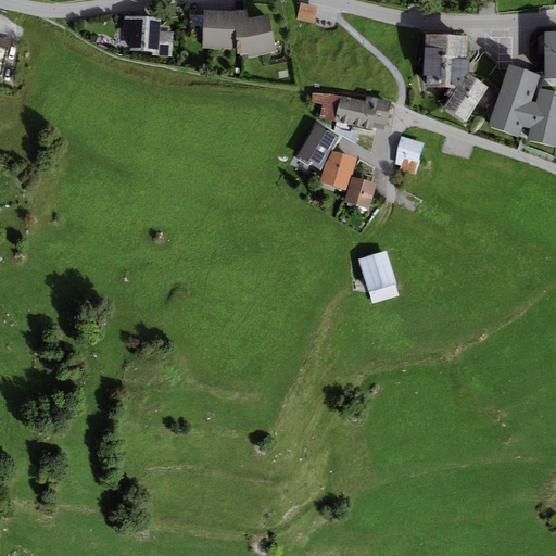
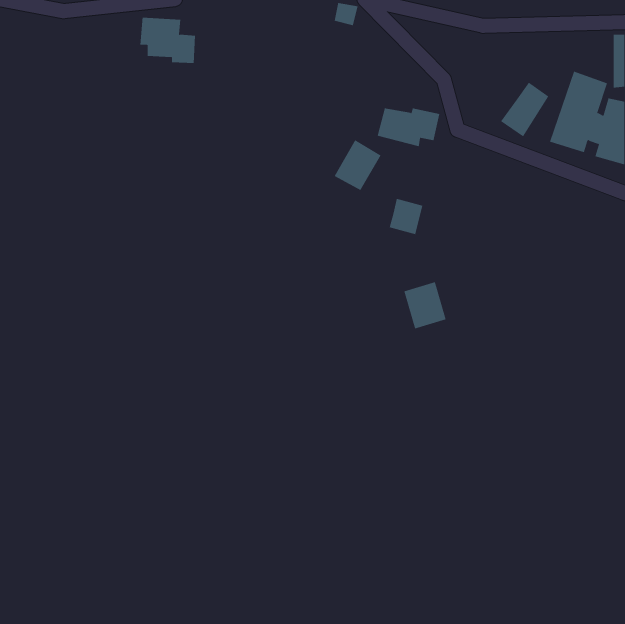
building: [202,9,276,56] -> none
building: [424,33,469,88] -> none
building: [312,92,341,121] -> none
building: [395,136,424,175] -> none
building: [320,151,357,190] -> none

